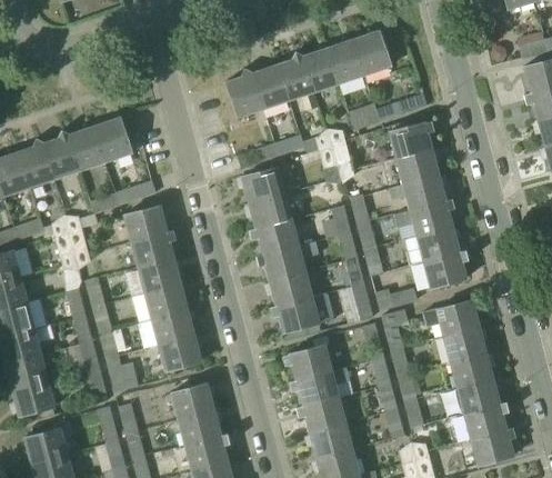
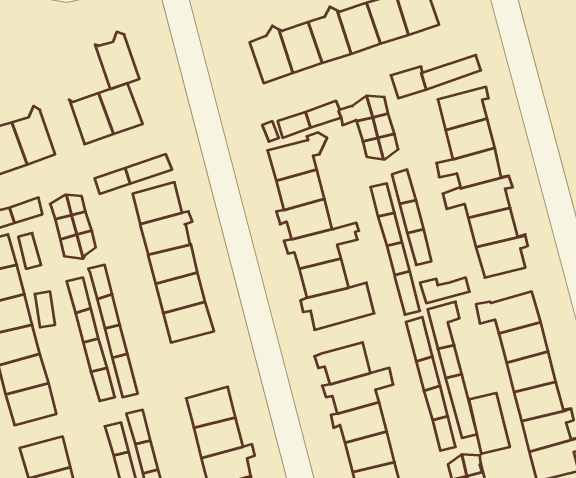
building: [42,130,81,180] -> [95,32,139,89]
building: [157,335,201,371] -> none
building: none -> [469,393,510,454]

